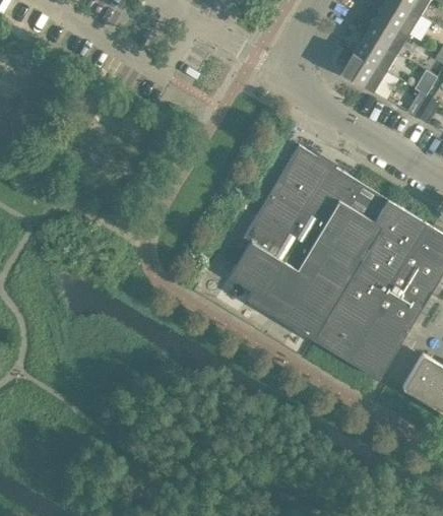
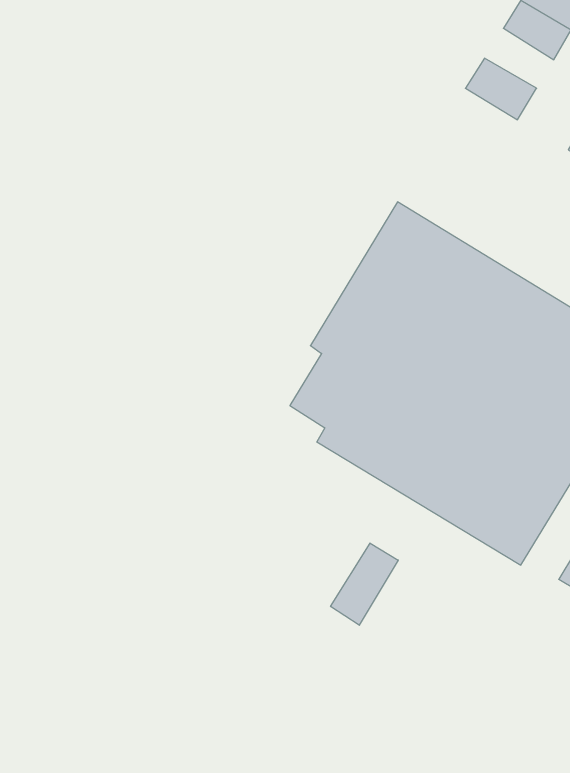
building: [354,34,398,72] -> none
building: none -> [331,543,398,625]

